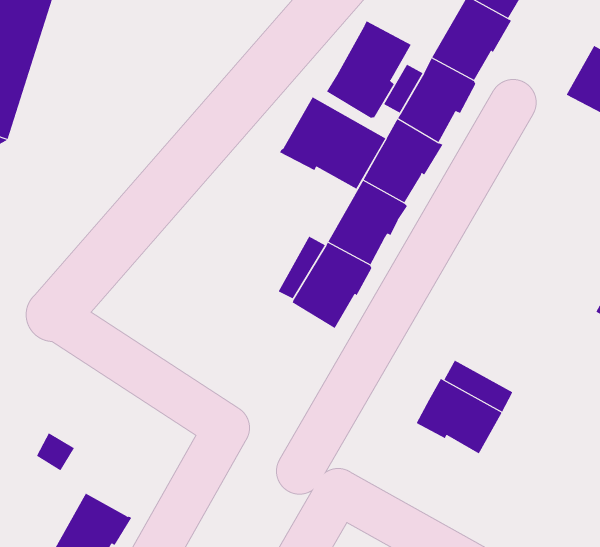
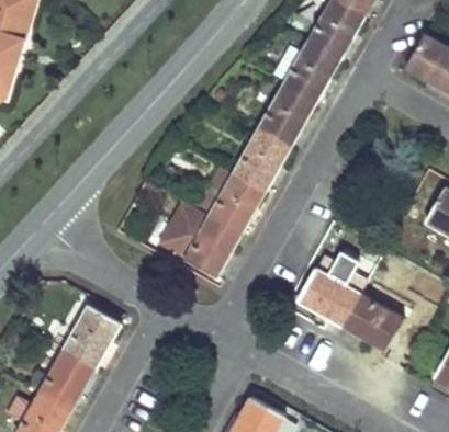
building: [326,20,412,118] -> none
building: [279,96,386,190] -> none
building: none -> [158,204,242,277]
building: none -> [340,294,401,351]
building: none -> [61,305,120,367]

